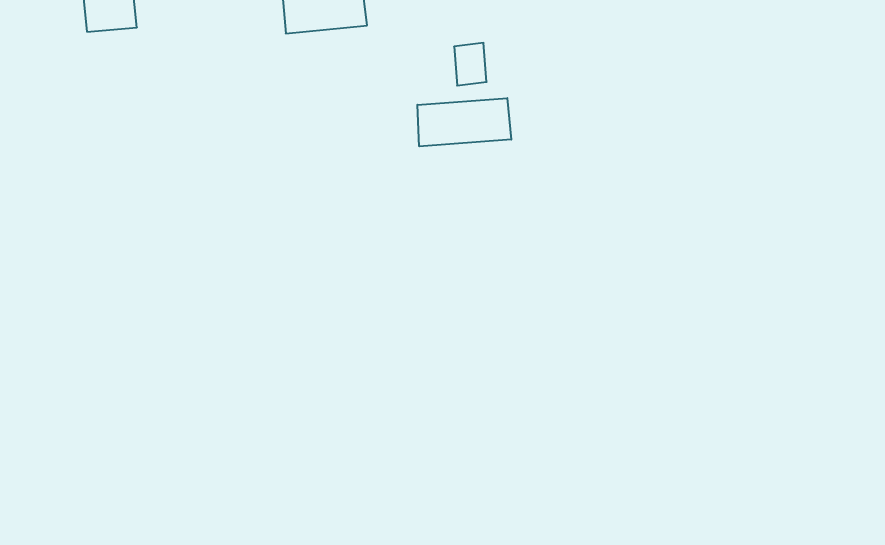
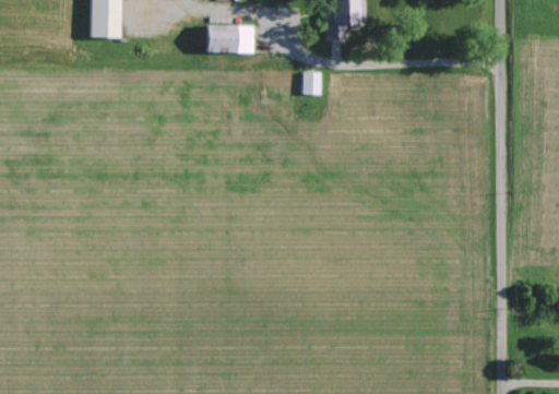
building: [417,98,511,146] -> none

